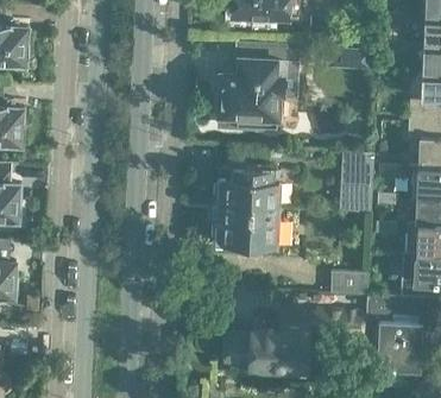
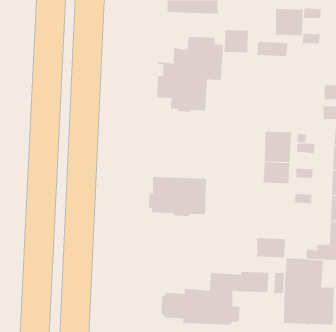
building: none -> [276,8,303,36]
building: none -> [223,29,248,53]
building: [213,168,279,207] -> none

